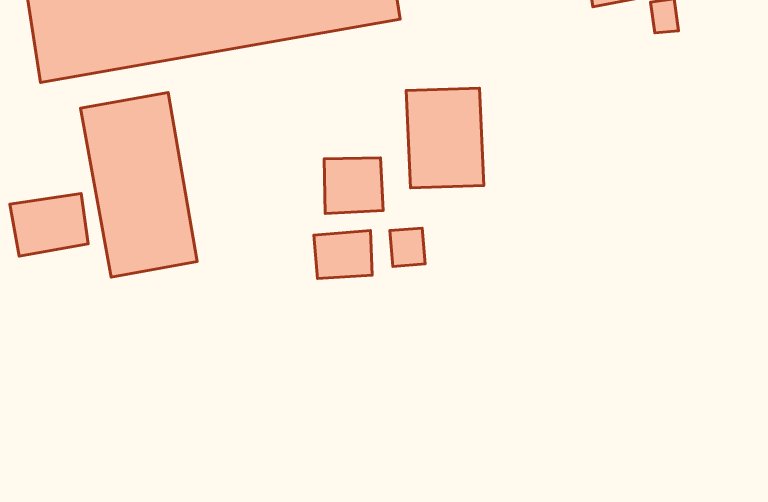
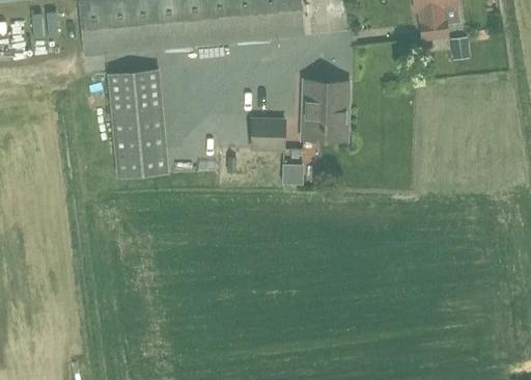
building: [10,193,88,256] -> none
building: [314,231,372,278] -> none

